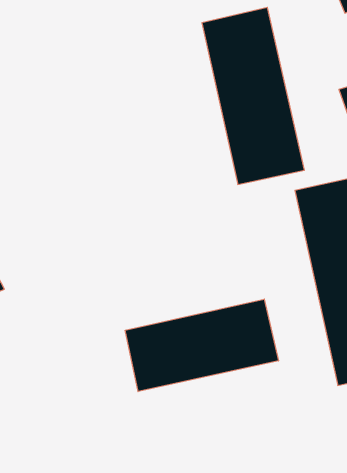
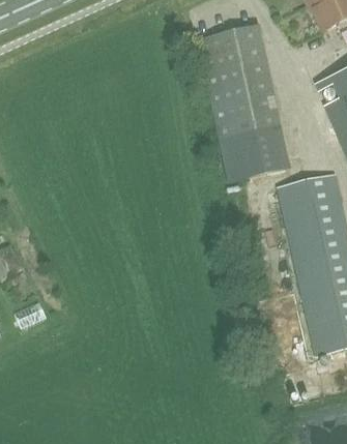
building: [125,299,278,392] -> none

